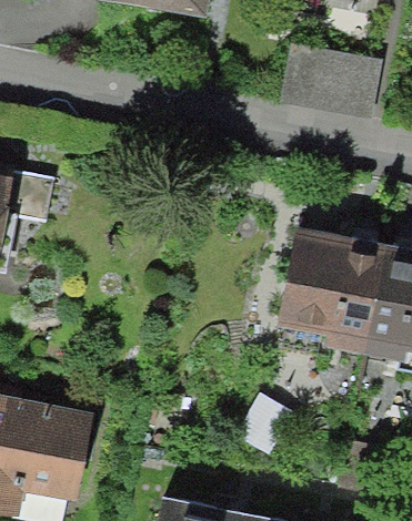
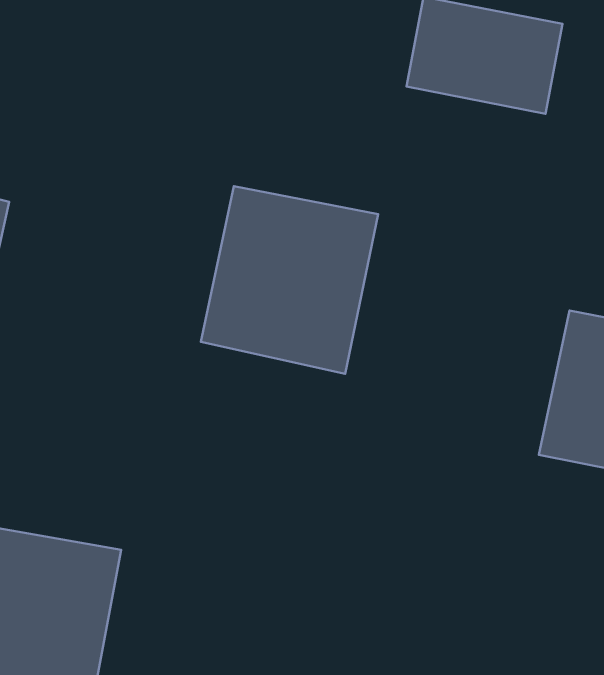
building: none -> [201,186,378,374]
building: [272,231,388,345] -> none

